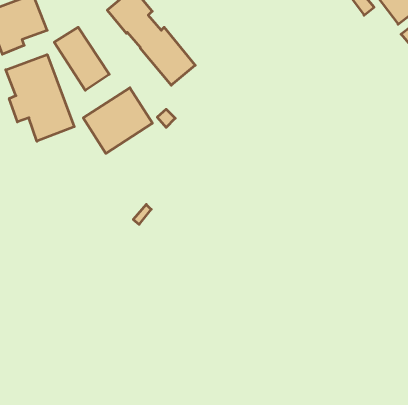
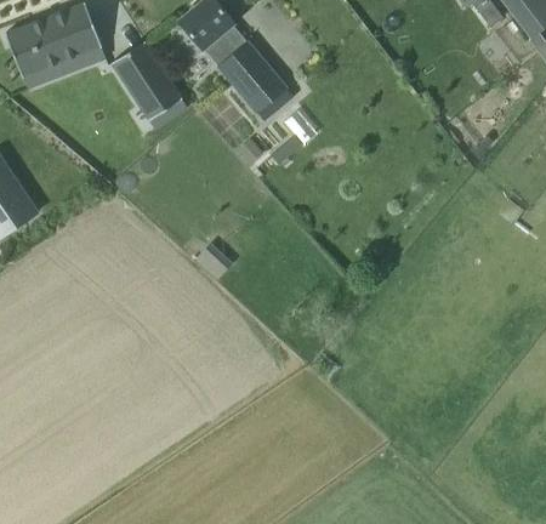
building: [6,55,74,141] -> none
building: [83,88,152,153] -> none

